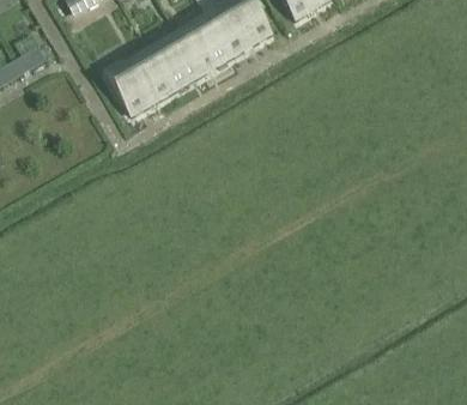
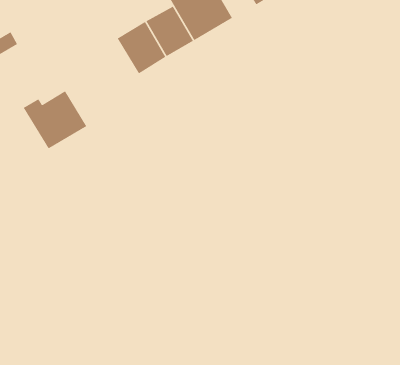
building: [107,53,174,114] -> [23,91,87,149]

